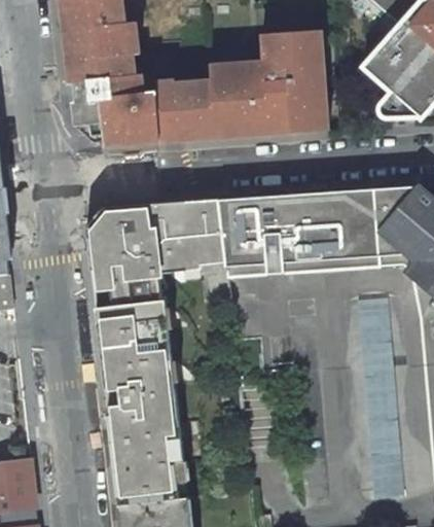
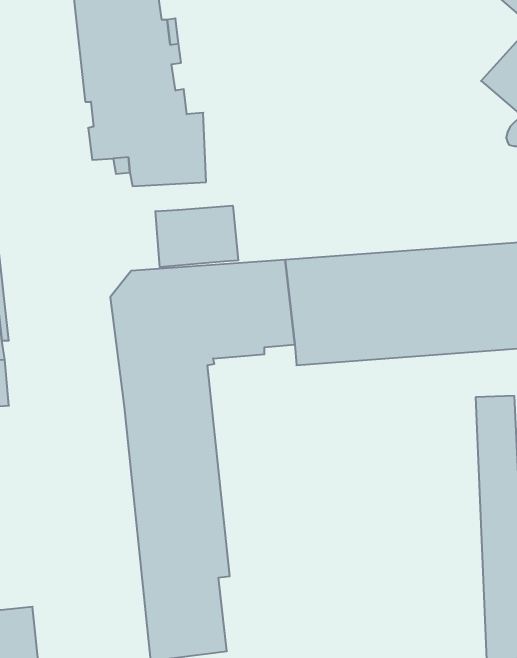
building: [155,29,327,142] -> none
building: none -> [156,206,238,267]

